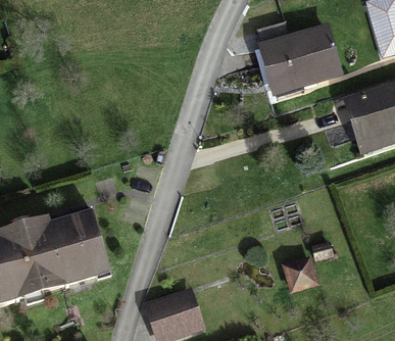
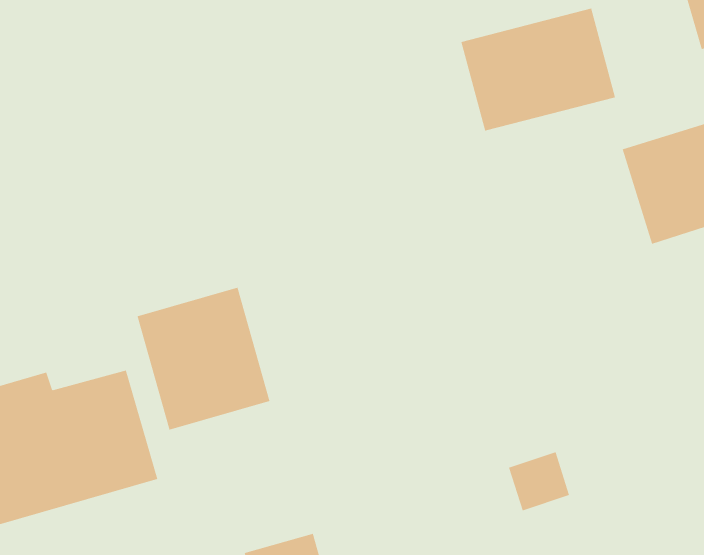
building: none -> [137,287,270,431]

